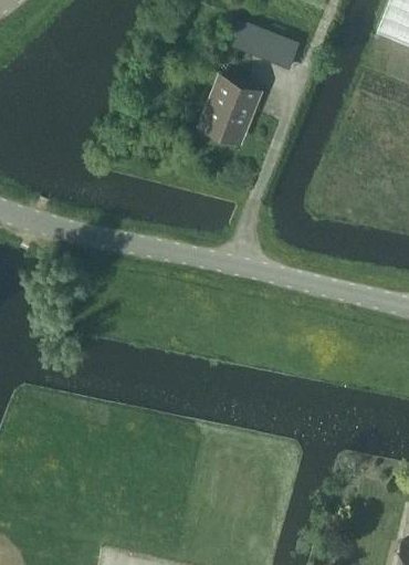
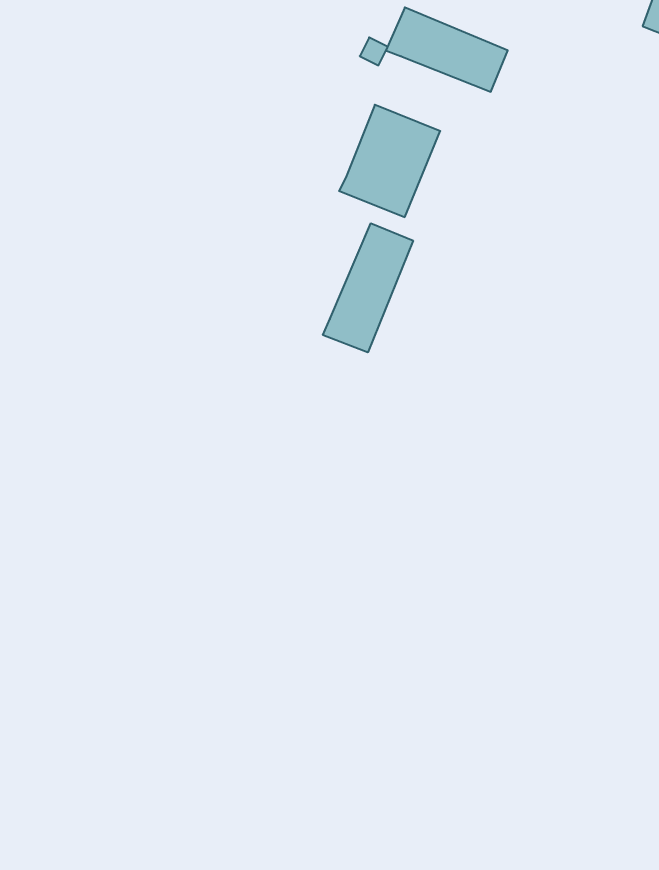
building: none -> [323,223,413,352]

